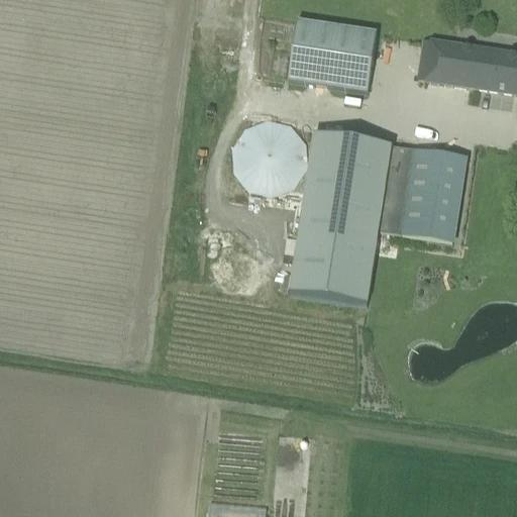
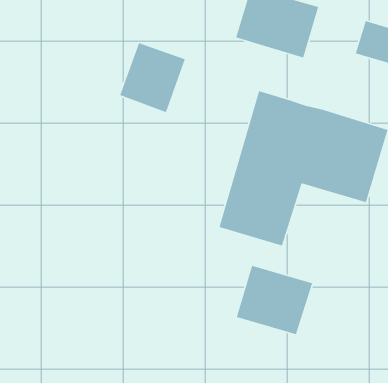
building: [238,118,307,193] -> [119,42,186,113]
building: none -> [236,265,313,335]

